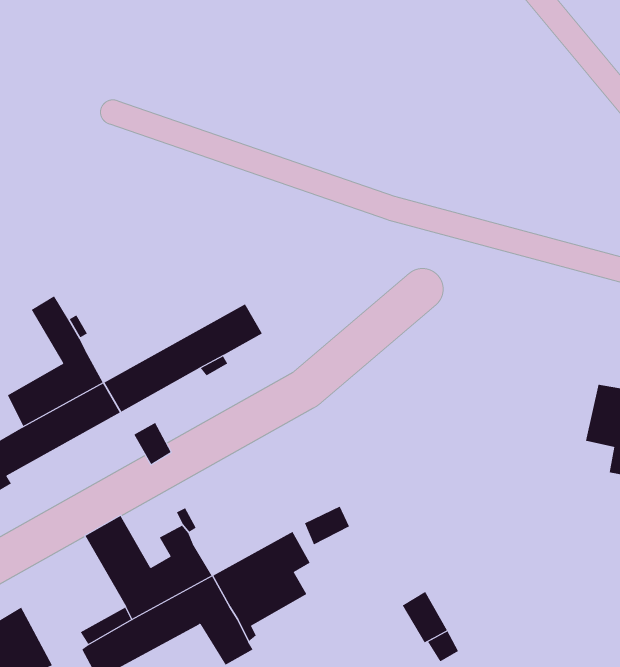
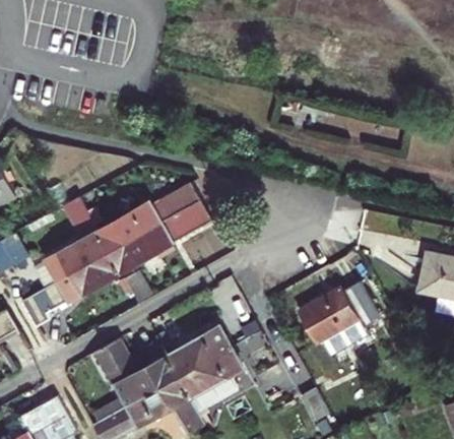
building: none -> [98,182,200,251]
building: none -> [299,280,379,362]
building: none -> [167,325,231,375]

